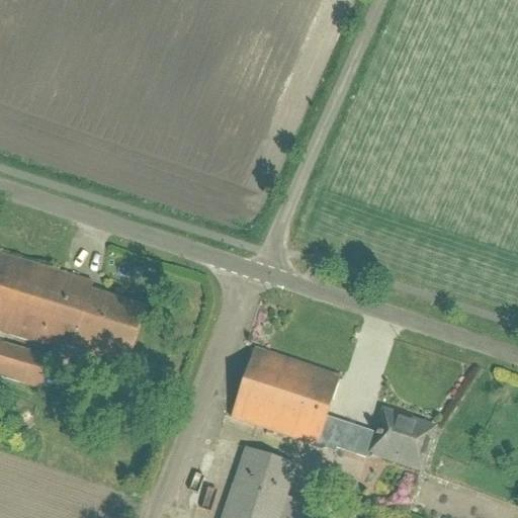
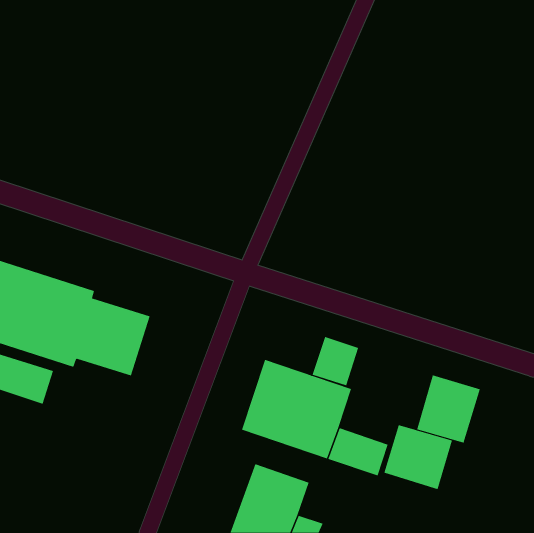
building: none -> [312,336,359,386]
building: none -> [417,375,481,443]

